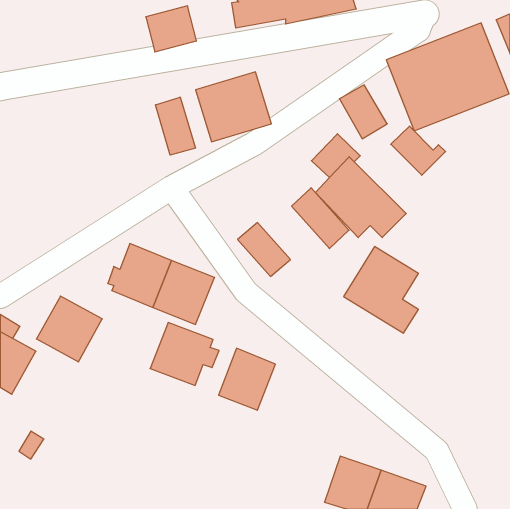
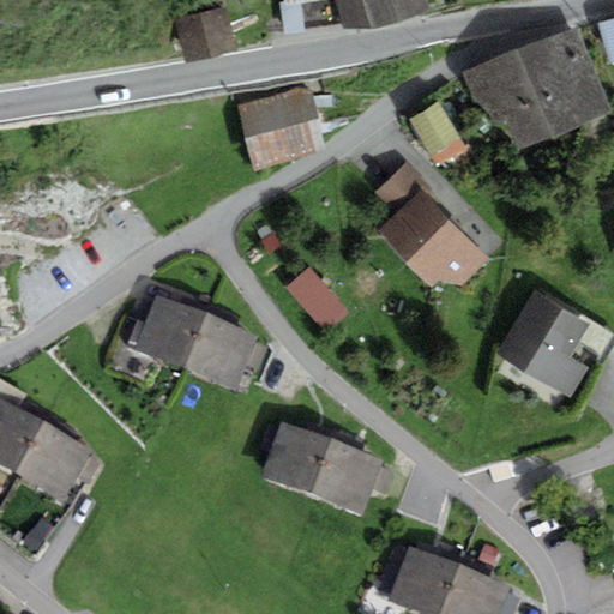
building: [156,97,195,155] -> none
building: [391,126,446,175] -> none
building: [292,188,349,249] -> none
building: [344,246,418,333] -> [498,293,588,397]
building: [36,296,102,362] -> [14,422,94,501]
building: [150,323,219,385] -> [309,438,392,513]

